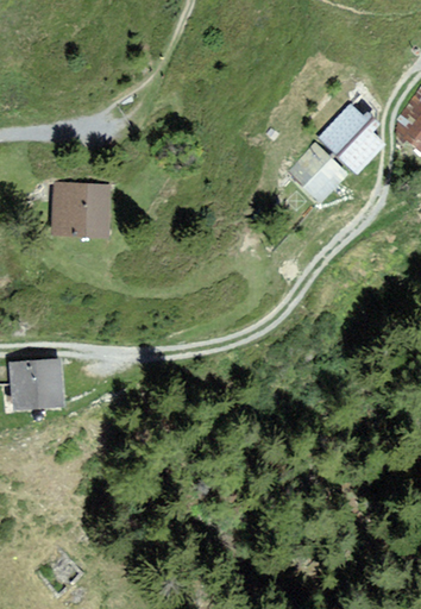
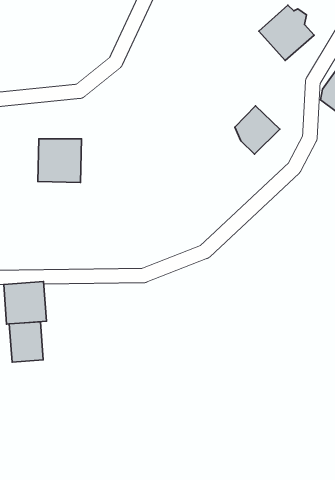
building: [316,103,384,171] -> [259,5,314,60]
building: none -> [9,322,43,362]

